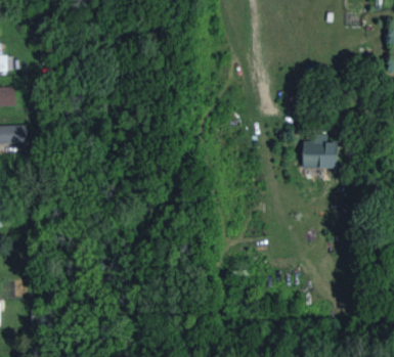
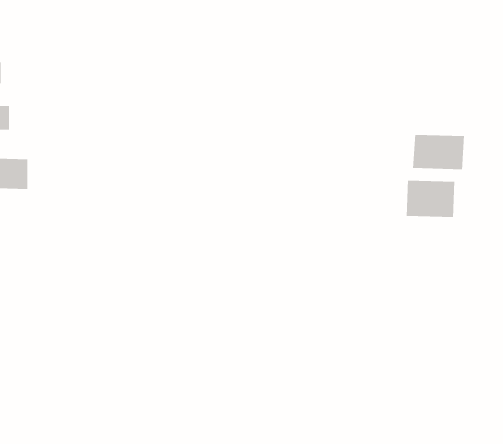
building: none -> [412,134,465,170]

